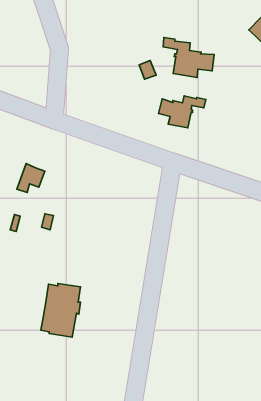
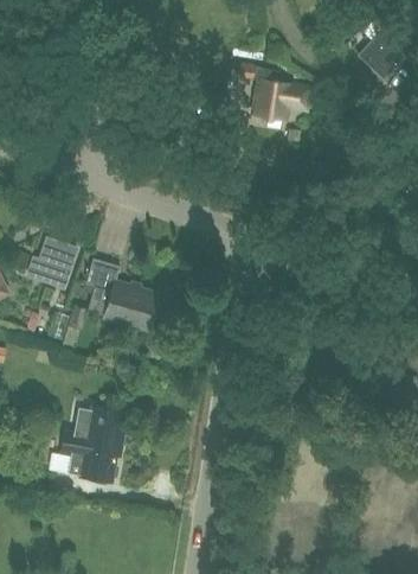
building: [158,96,206,128] -> none
building: none -> [85,259,160,331]

